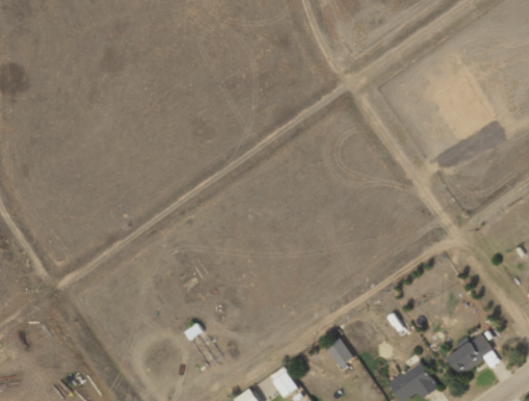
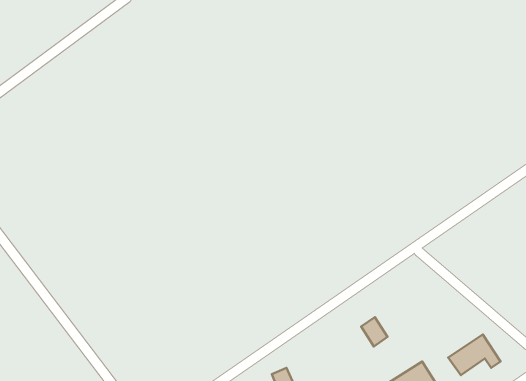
building: [326,338,352,367] -> [361,317,387,346]

